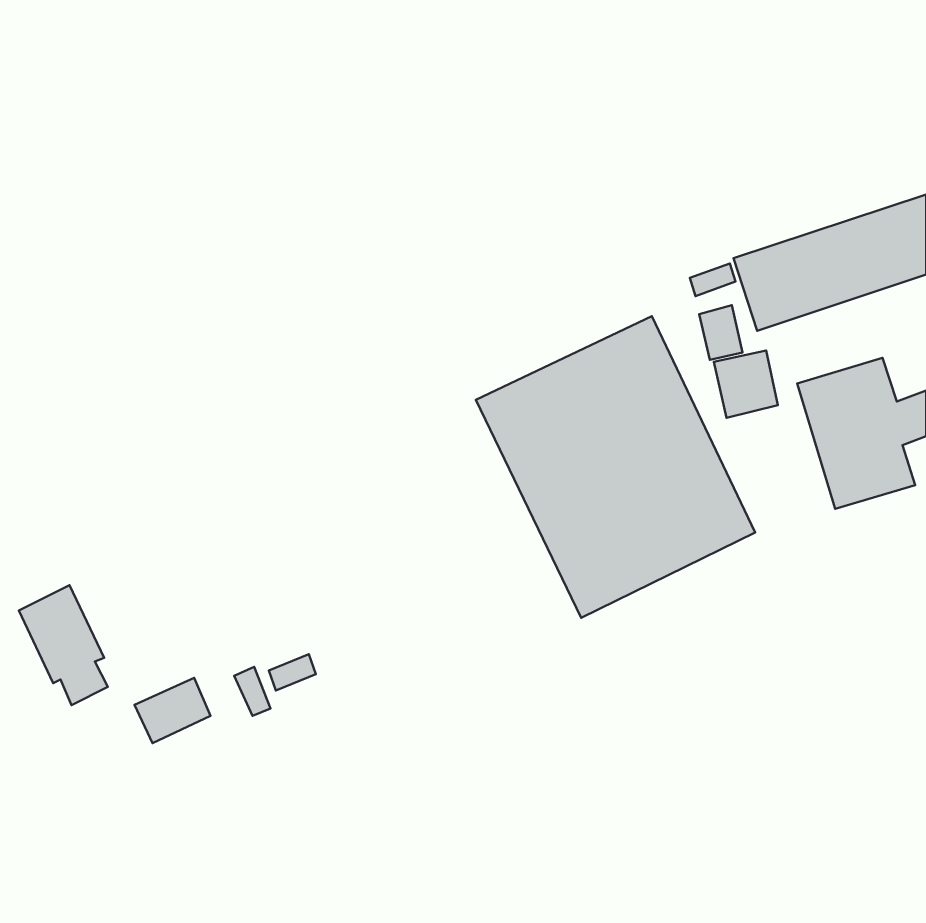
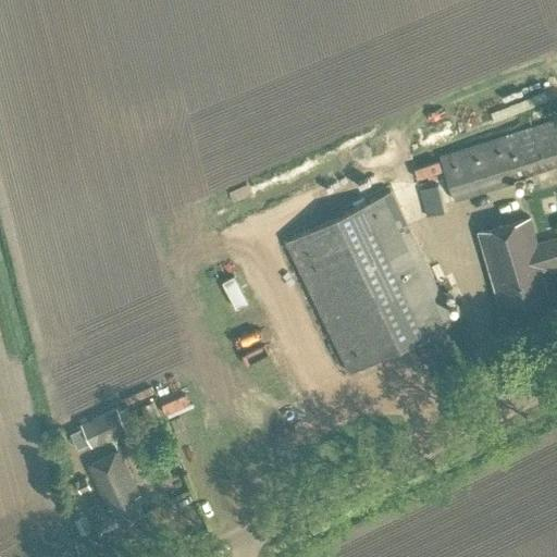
building: [714,351,778,418] -> none
building: [19,585,108,705] -> [89,450,143,522]

